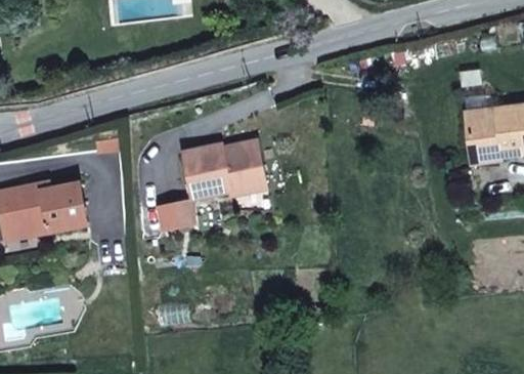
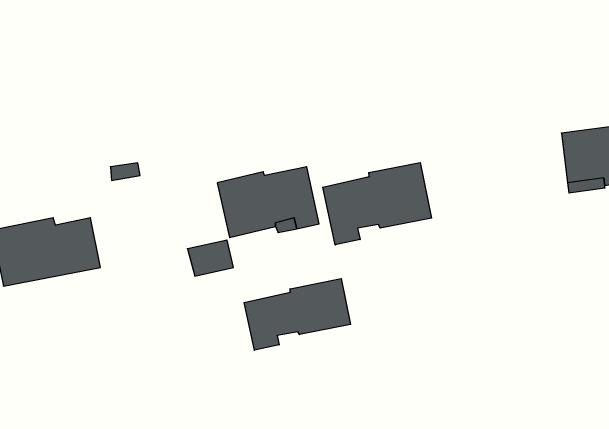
building: none -> [323,163,432,245]
building: none -> [244,279,351,350]

